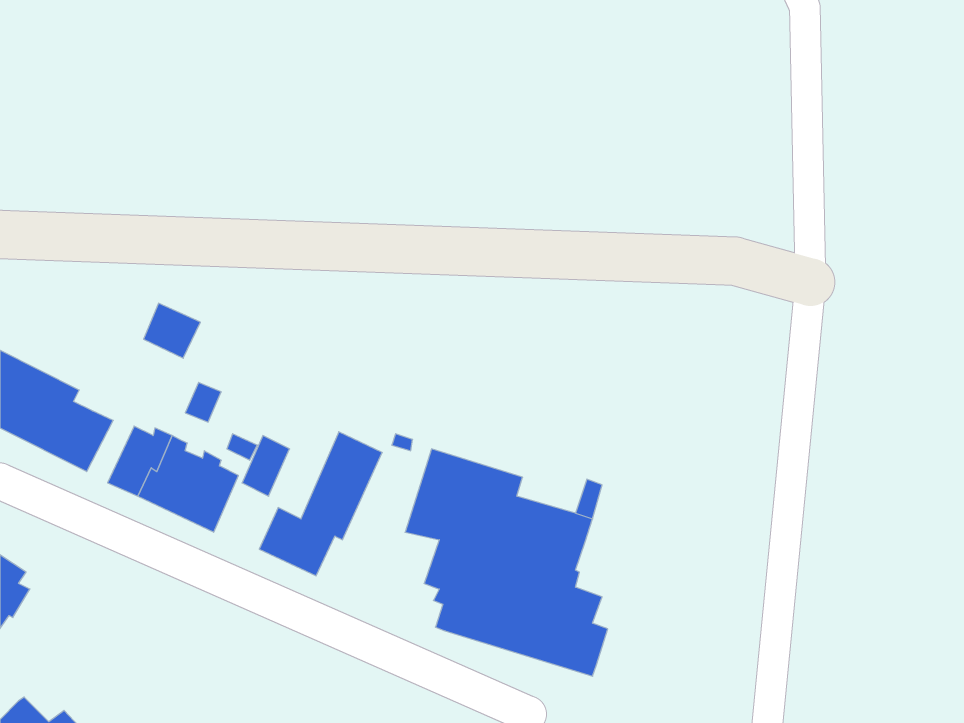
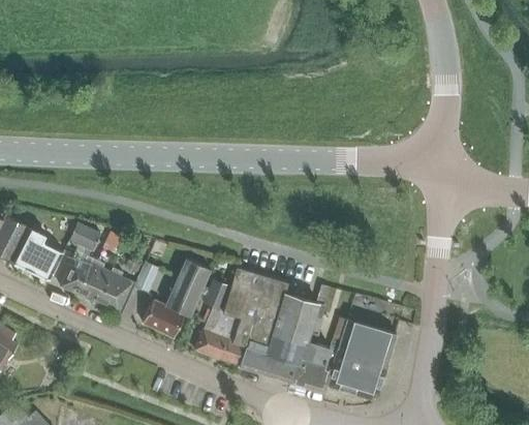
building: [144,303,200,358] -> [68,220,99,250]
building: none -> [193,278,242,364]
building: none -> [323,313,395,398]

